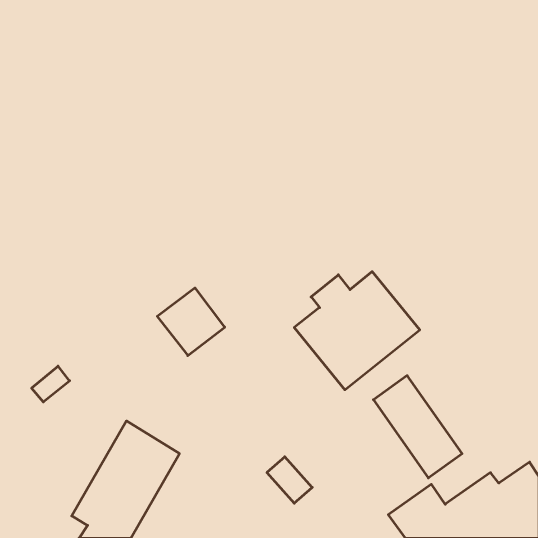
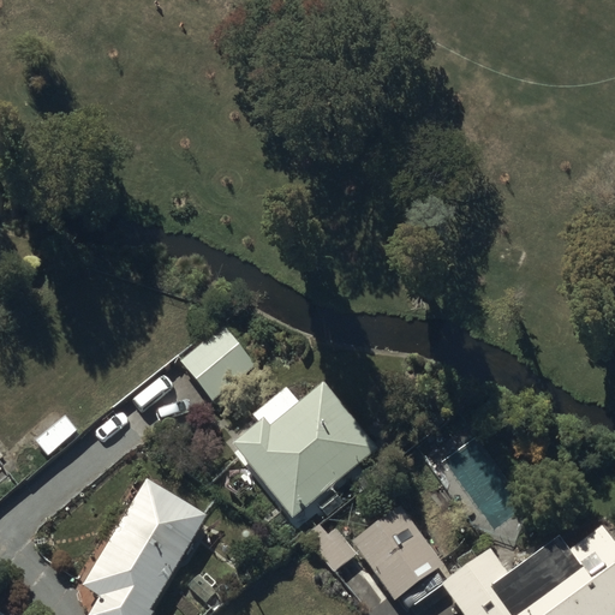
building: [294,272,420,390] -> [234,384,377,519]
building: none -> [352,507,446,603]

